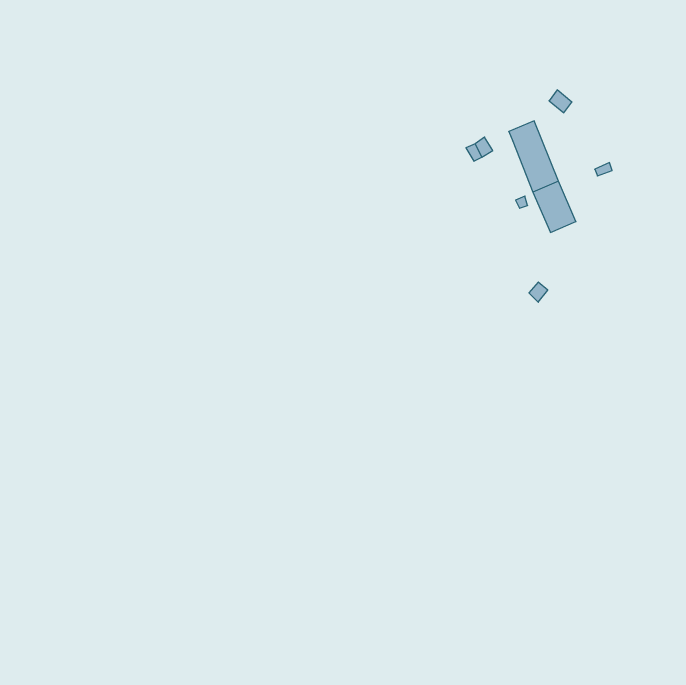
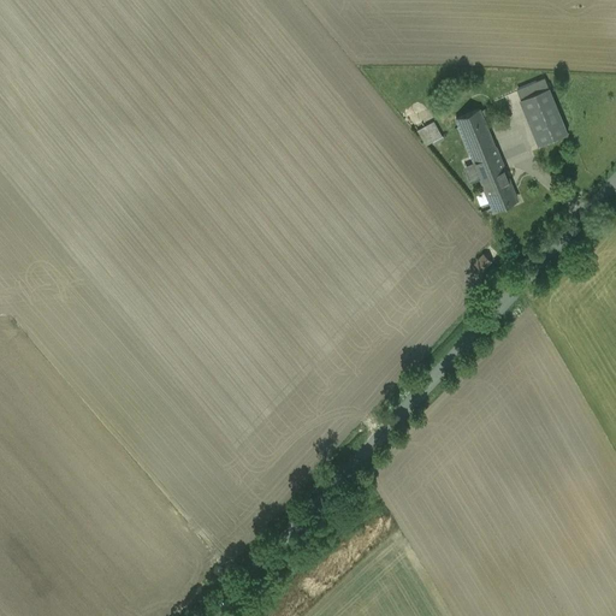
building: none -> [520,88,567,146]

